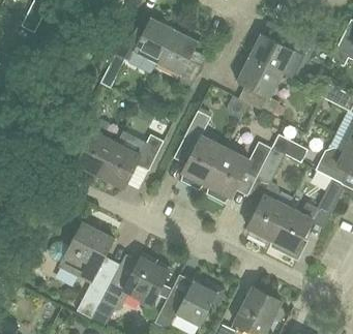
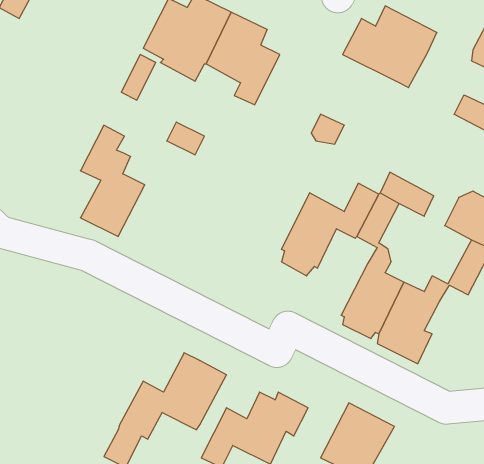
building: [235,57,283,116] -> none
building: [182,111,226,189] -> none
building: [99,129,164,188] -> none
building: [50,221,116,304] -> none

